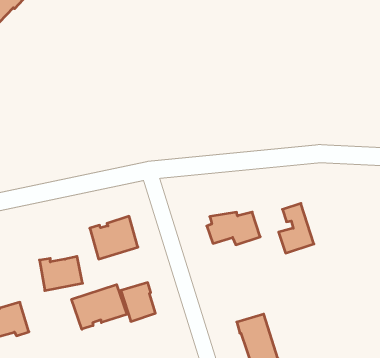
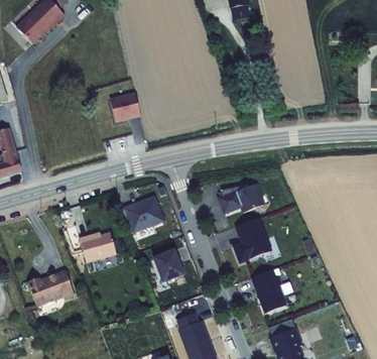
building: none -> [112,87,141,115]
building: [279,203,314,253] -> [240,221,270,263]
building: [72,285,127,329] -> none

